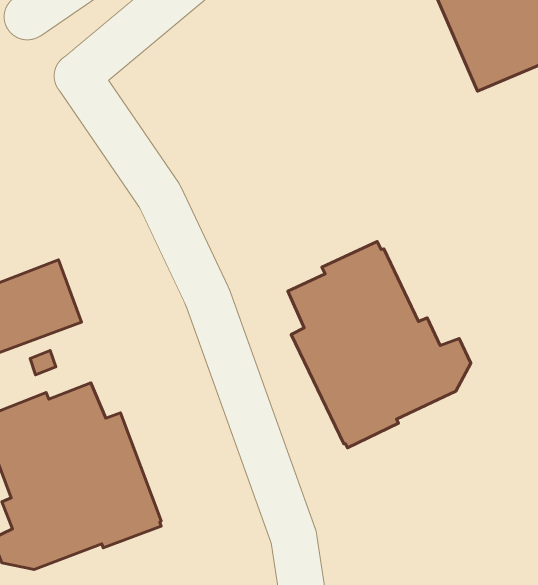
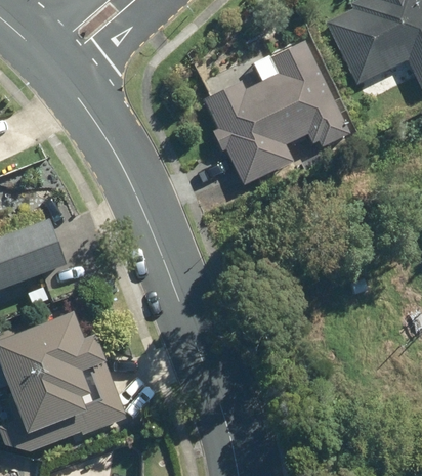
building: none -> [204,44,350,188]
building: [288,242,471,448] -> none

